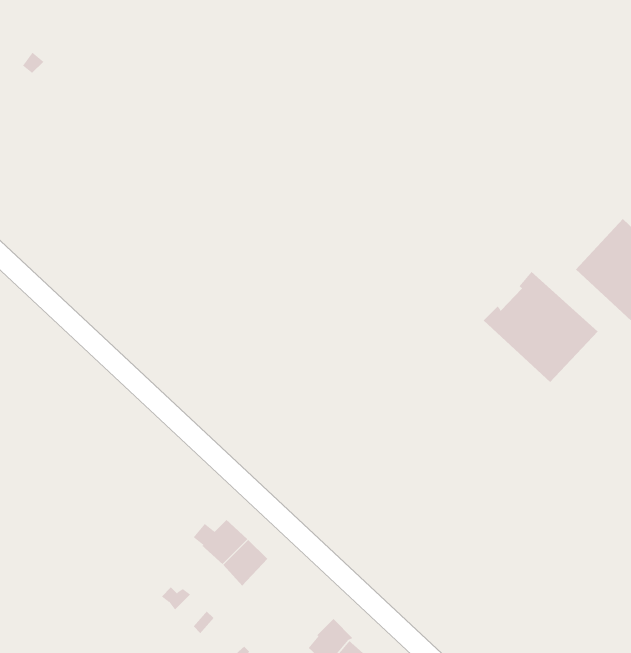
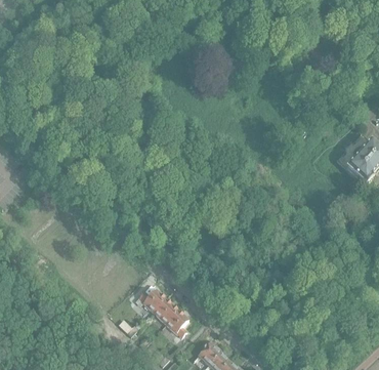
building: [483,271,598,383] -> none
building: none -> [163,305,187,338]

